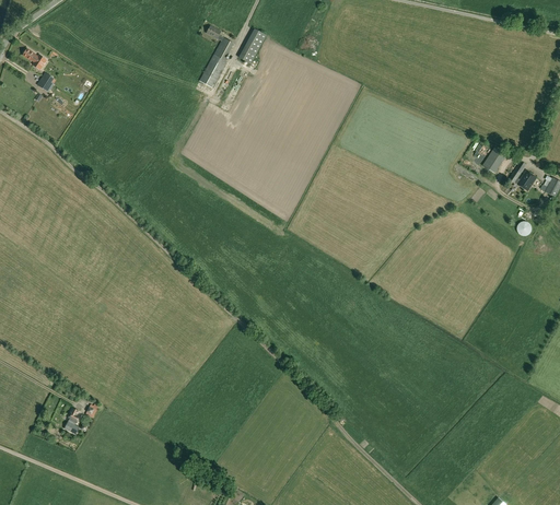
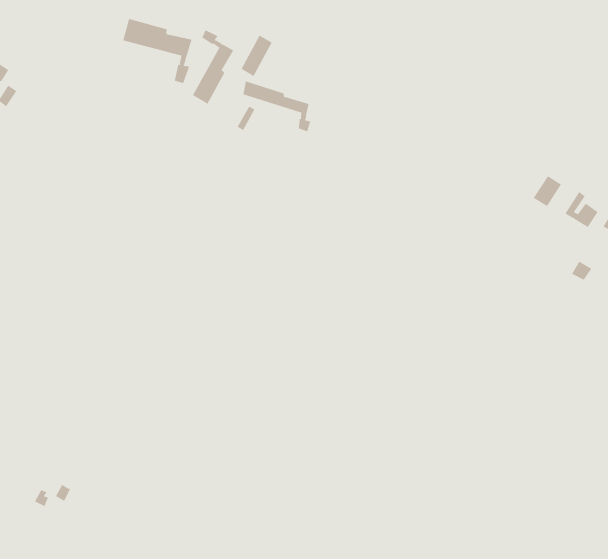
building: none -> [122,18,192,84]
building: none -> [243,80,311,132]

